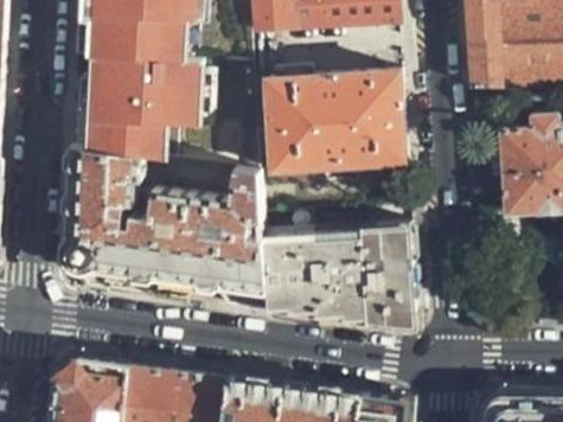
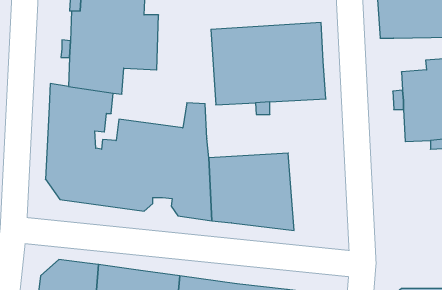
building: [360,220,415,327] -> none

